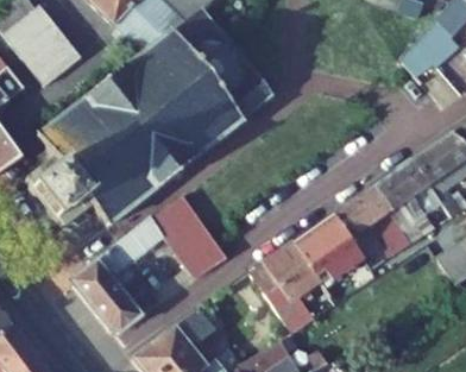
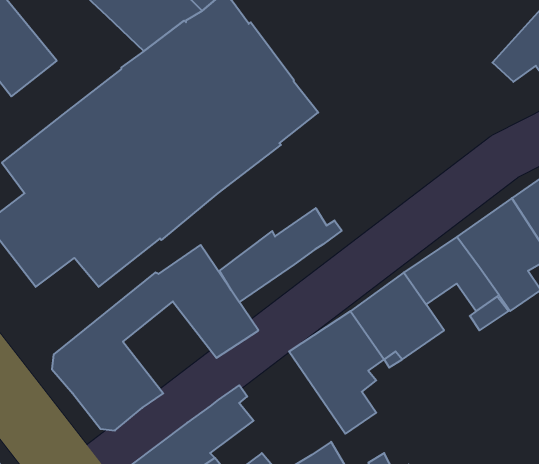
building: none -> [219,208,342,302]

